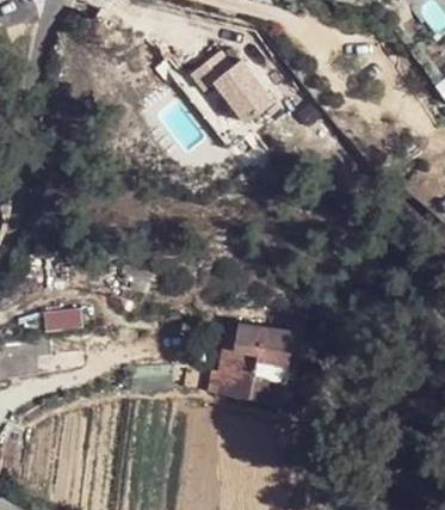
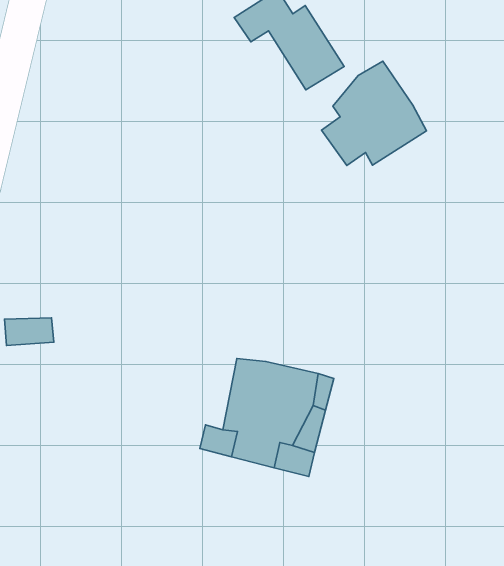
building: none -> [321,61,426,166]

